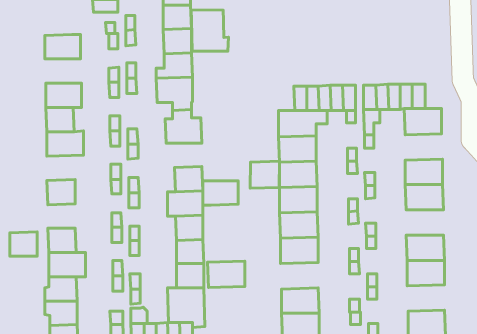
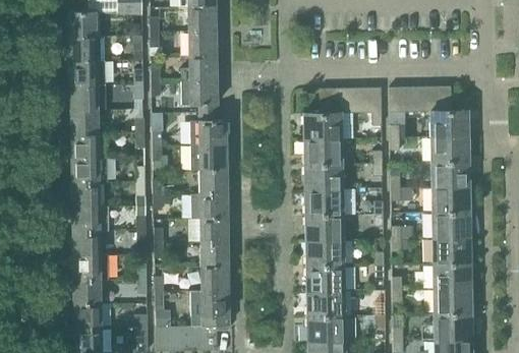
building: [191,10,229,51] -> none
building: none -> [69,12,97,38]
building: none -> [69,61,106,85]
building: none -> [431,136,469,163]
building: none -> [71,158,108,183]
building: [250,161,280,188] -> none
building: [203,181,238,205] -> [191,145,227,170]
building: none -> [432,213,470,238]
building: [10,232,37,256] -> [72,207,100,231]
building: [208,261,245,287] -> [306,266,344,292]
building: none -> [434,288,471,314]

